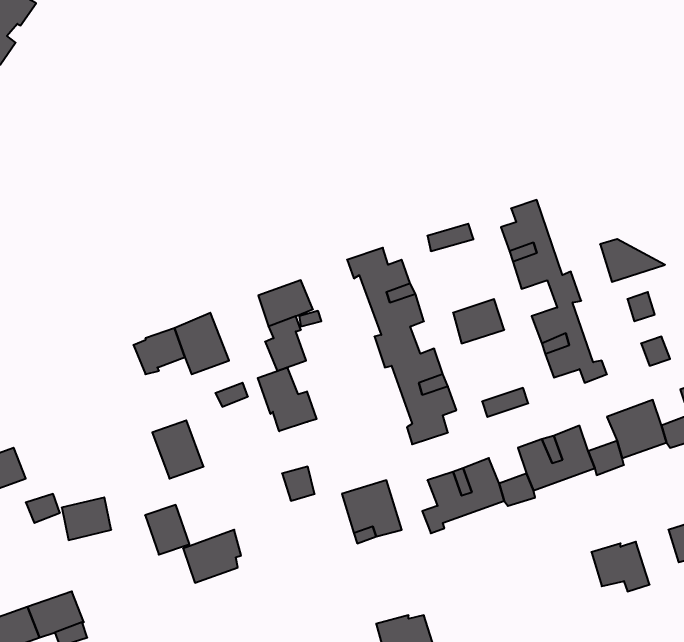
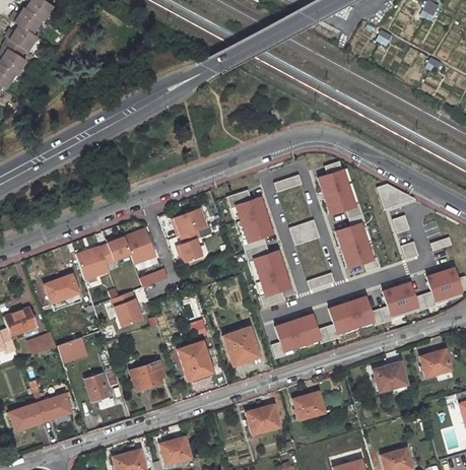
building: none -> [77,247,111,280]
building: [258,367,317,431] -> none
building: none -> [44,274,79,303]
building: none -> [180,340,214,381]
building: [145,505,189,555] -> [84,375,111,404]
building: none -> [291,395,323,419]

